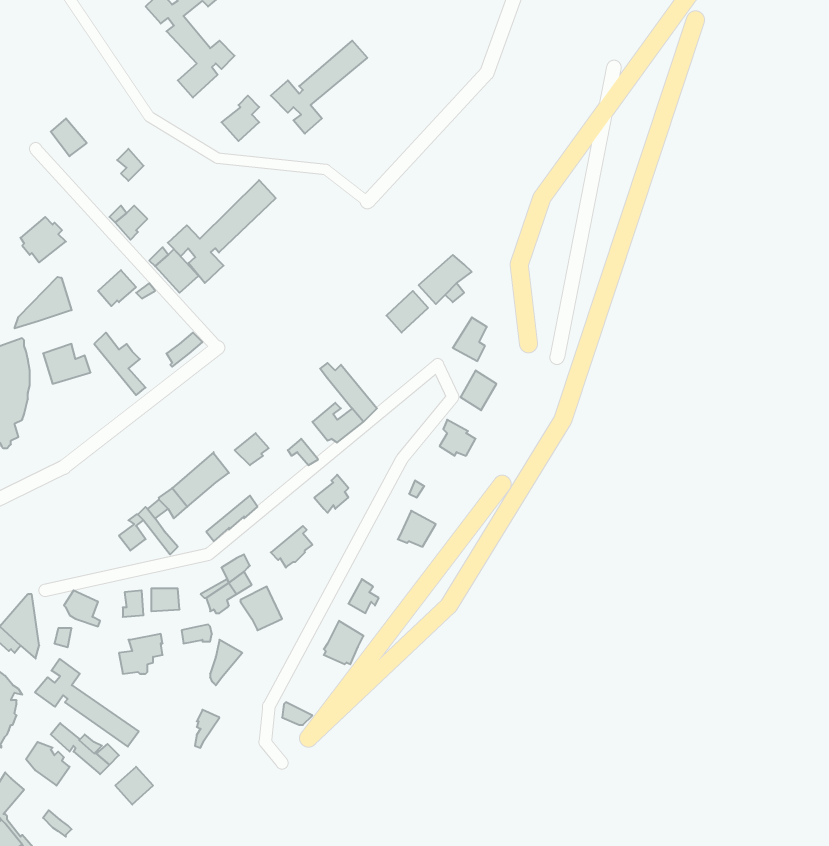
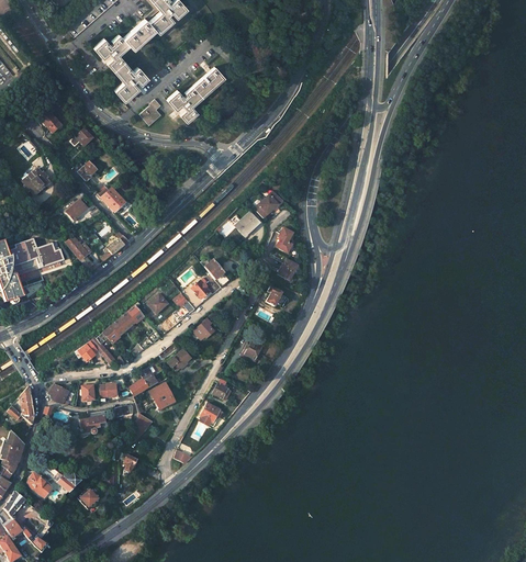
building: [168,180,276,283] -> none
building: [15,277,72,328] -> none
building: [35,659,139,747] -> none

